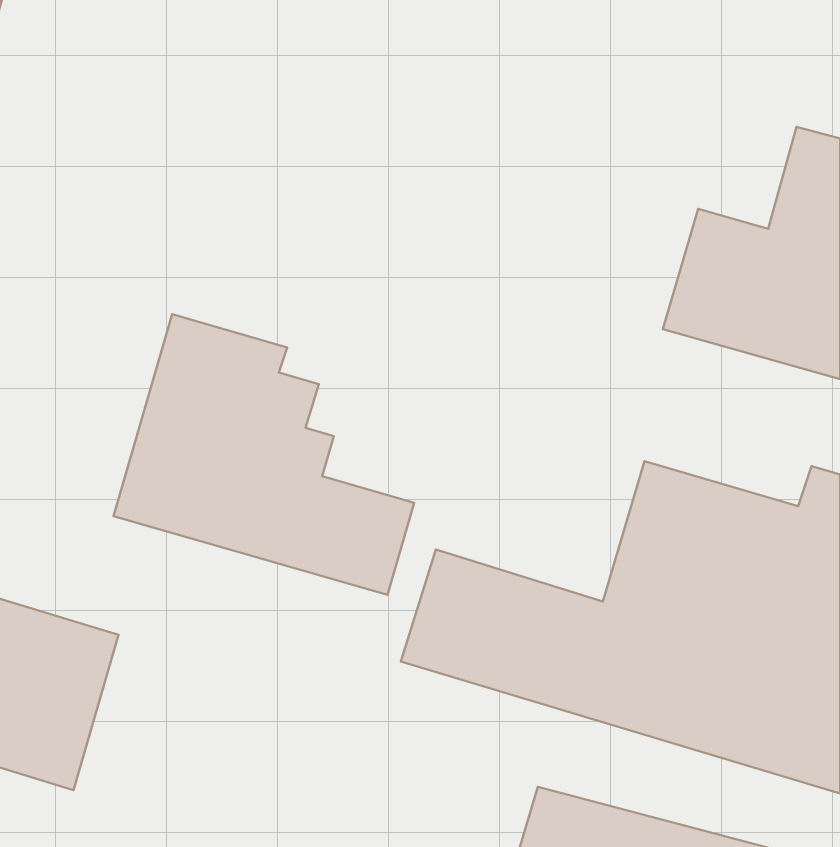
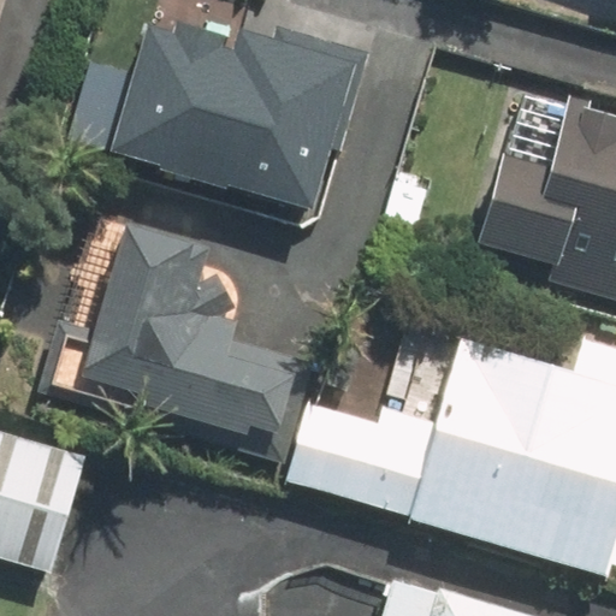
building: none -> [116,36,355,211]

